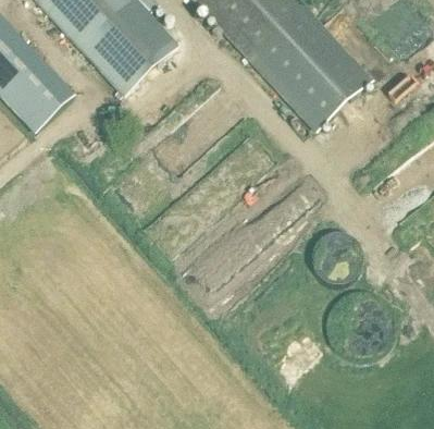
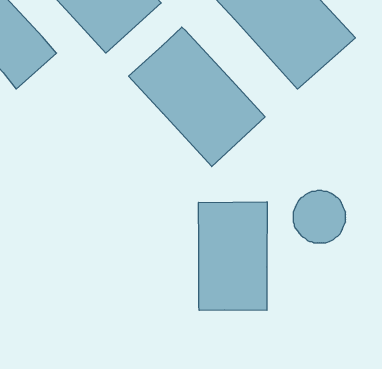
building: none -> [129,27,265,167]
building: none -> [199,202,267,310]

